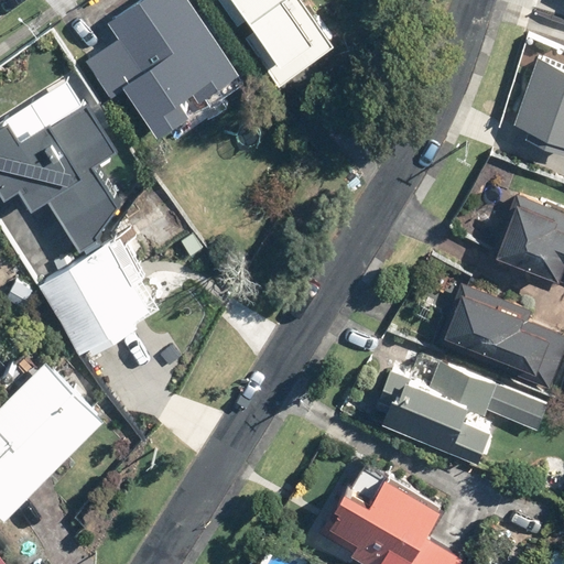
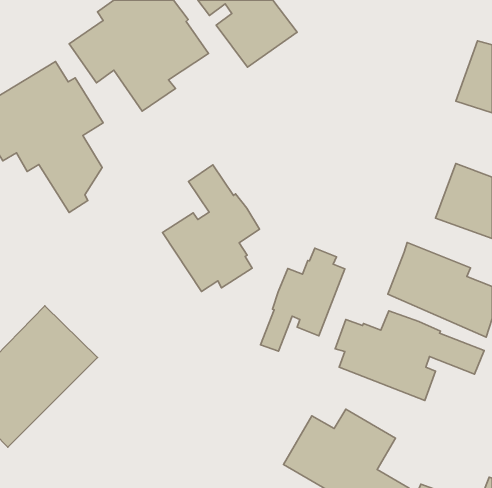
building: none -> [163,165,260,292]
building: [40,241,154,362] -> none
building: none -> [261,248,345,351]

